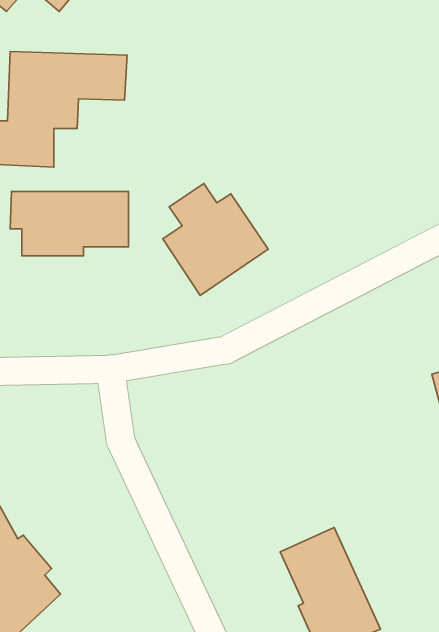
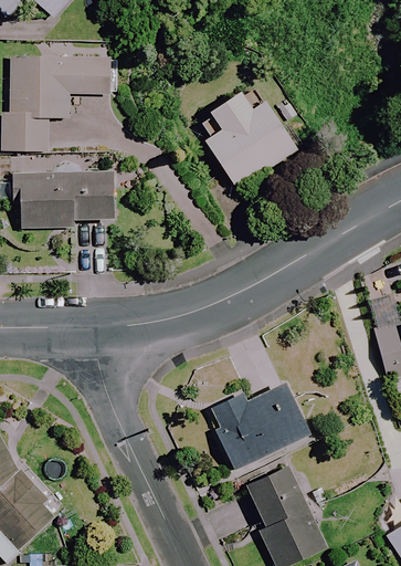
building: [163,184,268,295] -> [205,93,296,189]
building: none -> [211,380,309,472]

